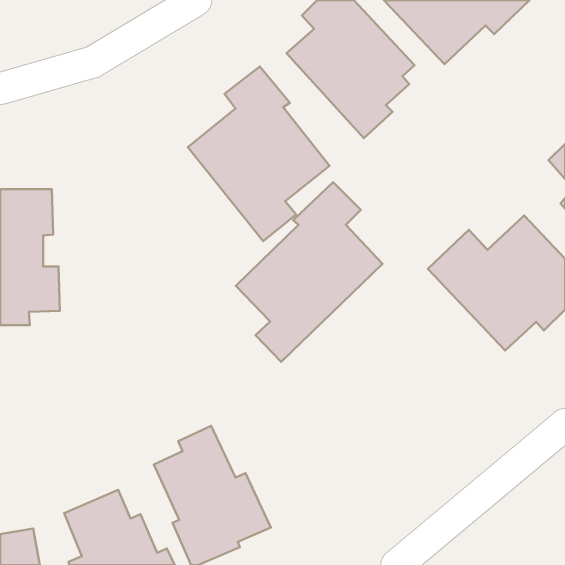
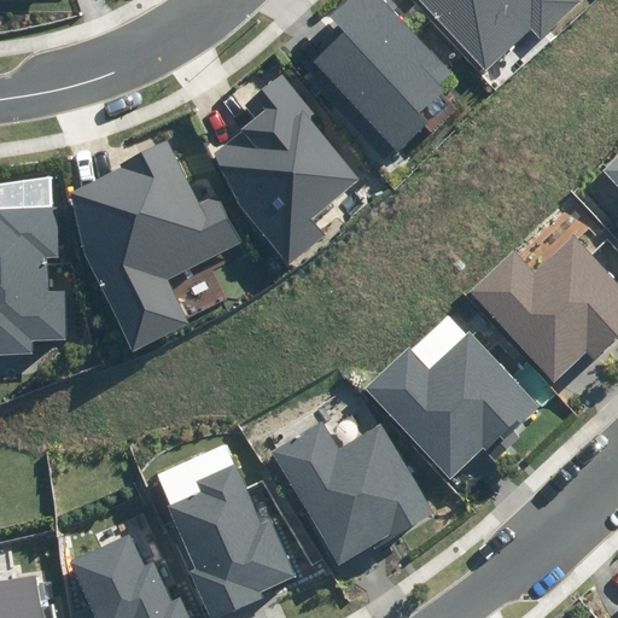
building: none -> [69,139,240,350]
building: [236,182,383,362] -> none
building: none -> [365,332,540,479]
building: none -> [270,420,436,565]

